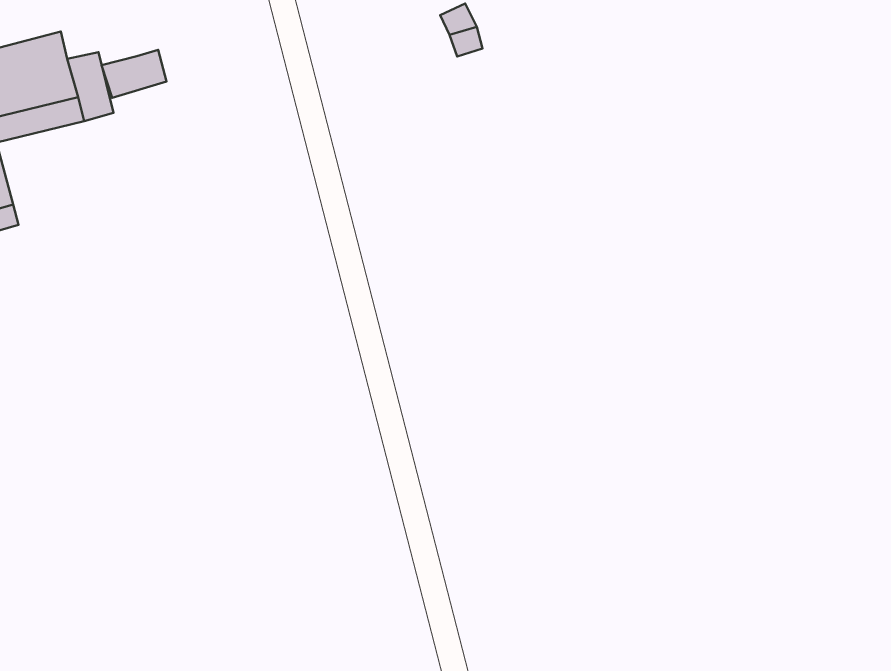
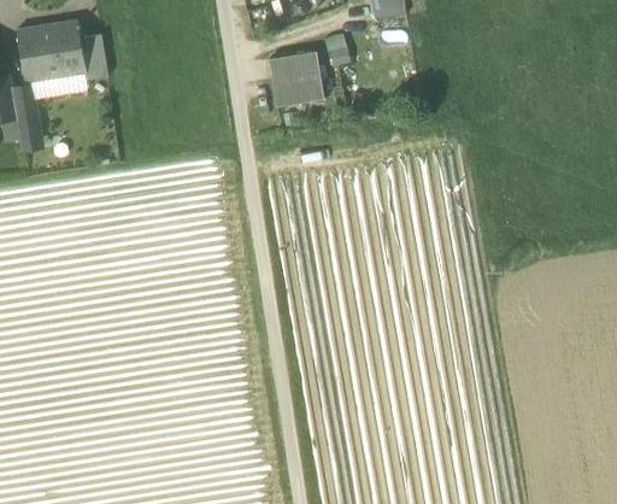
building: none -> [268,49,323,105]
building: [102,50,166,98] -> none

